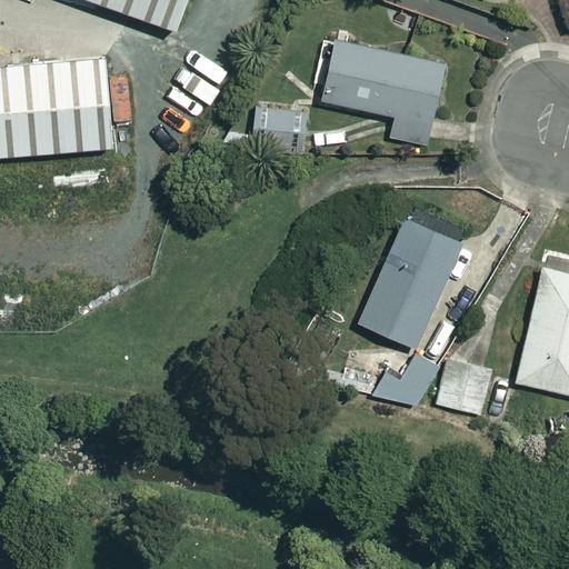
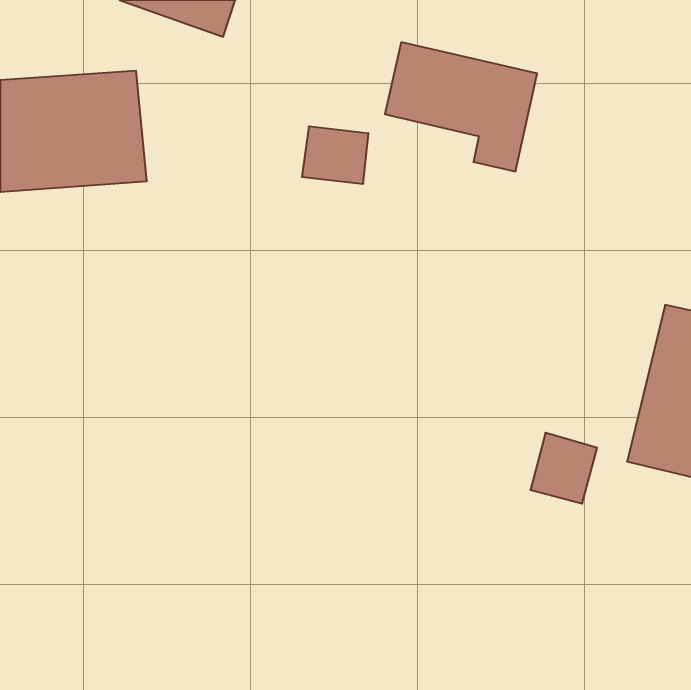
building: [357,198,468,347] -> none
building: [376,357,435,409] -> none

